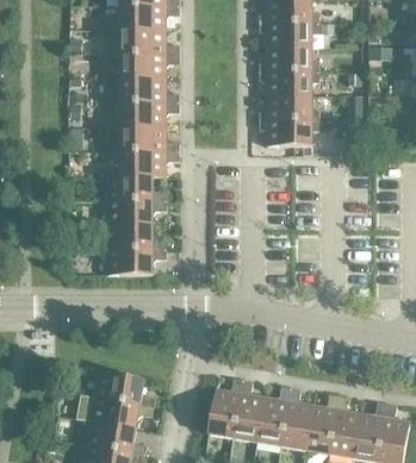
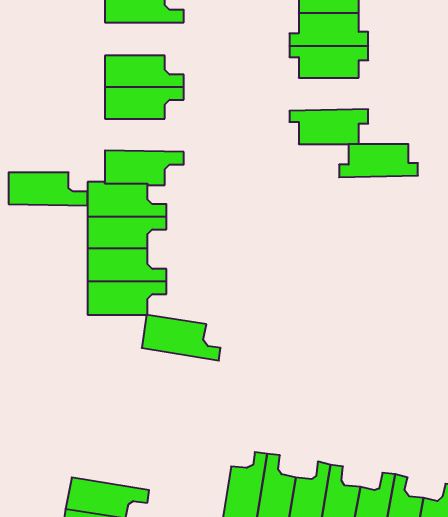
building: [119,54,179,79] -> none
building: [259,95,318,120] -> [339,144,418,177]
building: [119,126,179,151] -> [9,172,88,206]
building: [94,371,154,406] -> [142,315,221,361]

